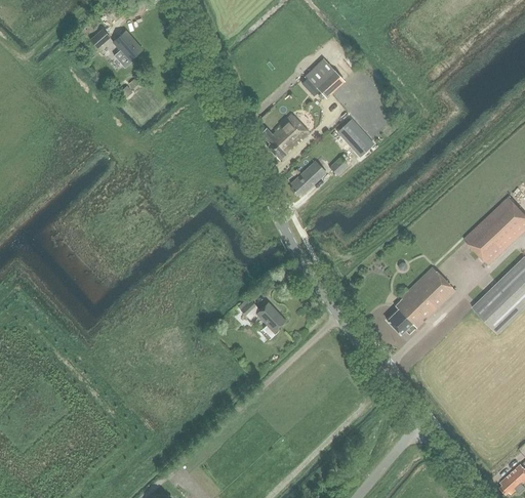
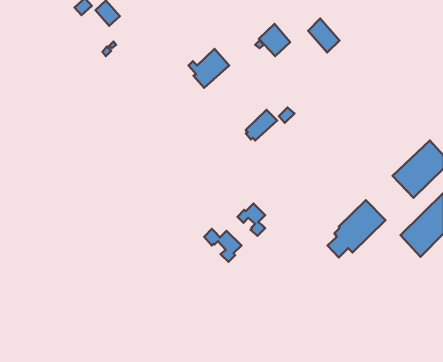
building: [260,114,309,160] -> [188,49,229,88]
building: [337,118,374,158] -> [308,19,339,53]
building: none -> [237,203,265,236]

